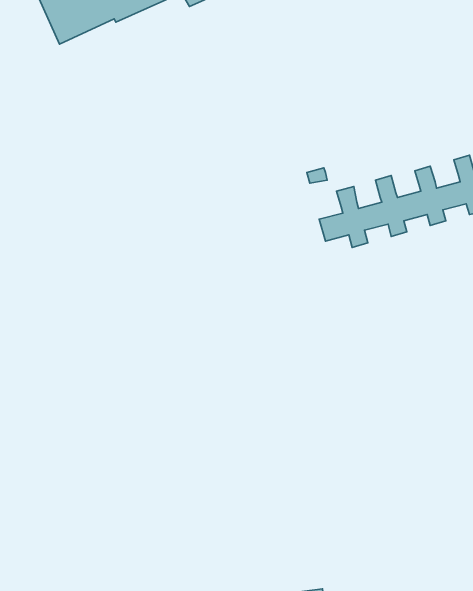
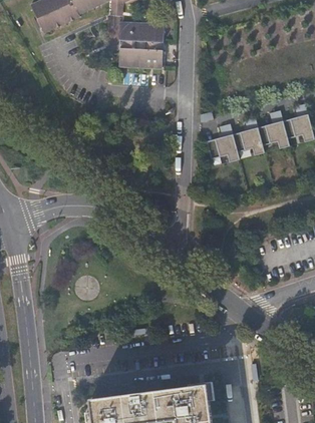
building: none -> [114,22,163,70]

